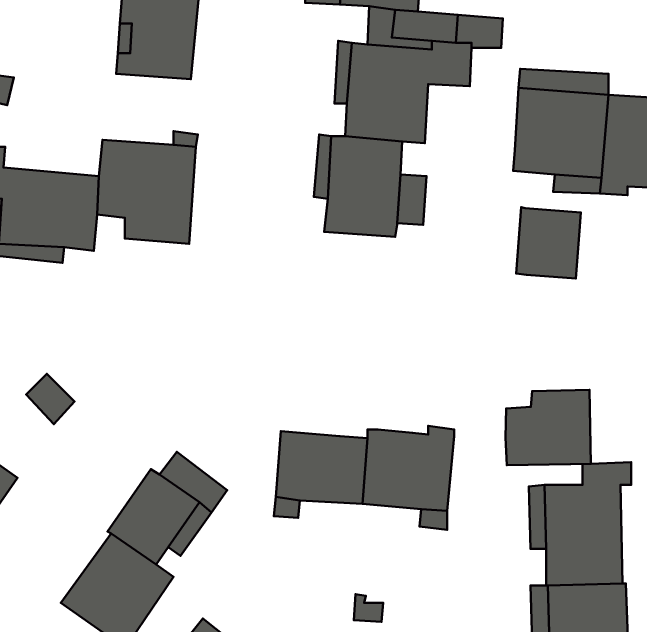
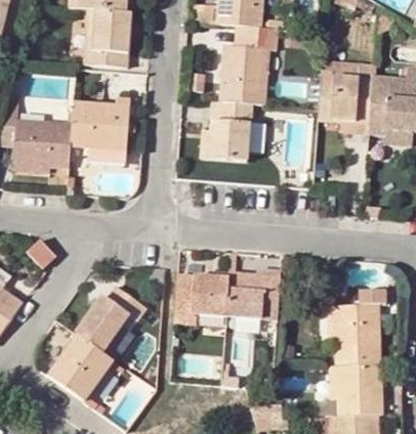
building: [516,207,581,279] -> none
building: [506,390,591,465] -> none

